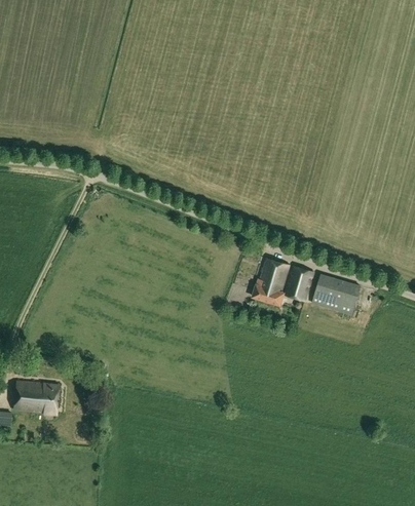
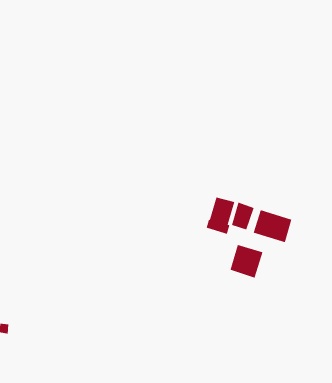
building: none -> [230,244,263,278]
building: [14,380,60,413] -> none

